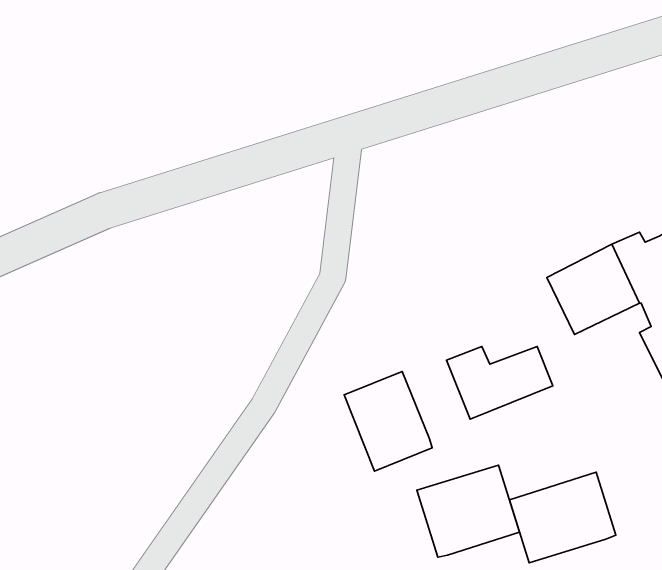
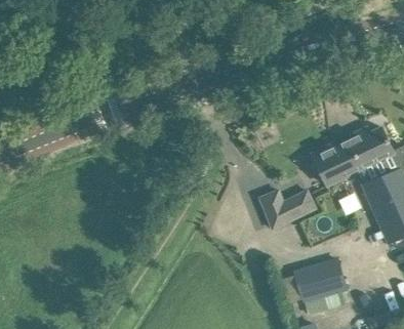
building: [344,372,432,471] -> none
building: [417,465,520,557] -> none

